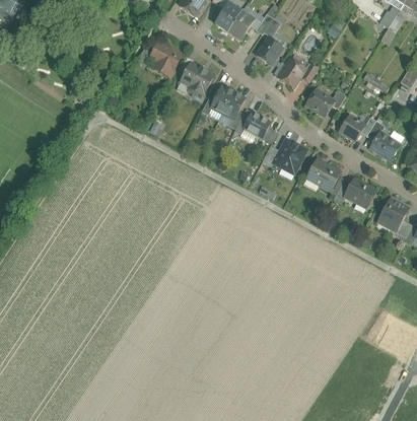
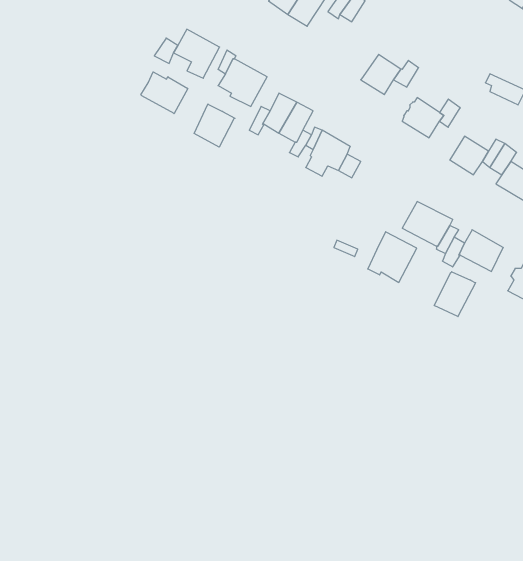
building: [256,37,282,64] -> none
building: none -> [141,72,188,114]
building: none -> [194,104,235,147]
building: [273,138,306,172] -> [368,232,417,282]
building: none -> [434,272,476,317]

